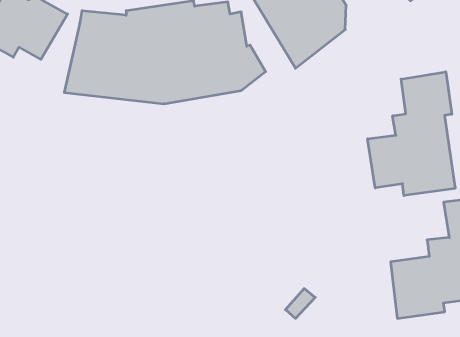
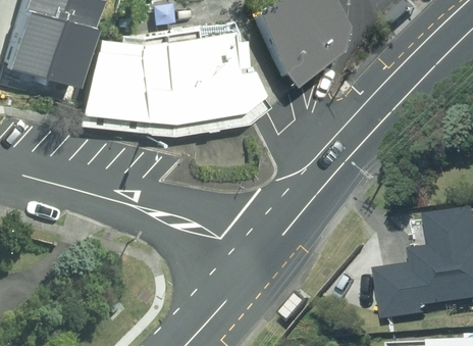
building: [368,72,455,196] -> none

